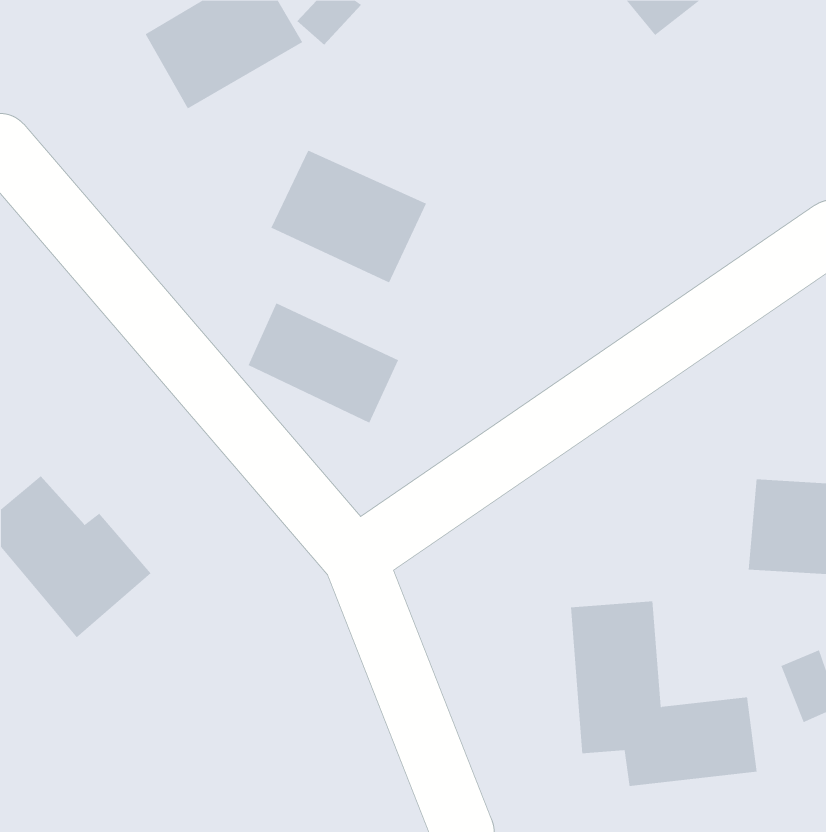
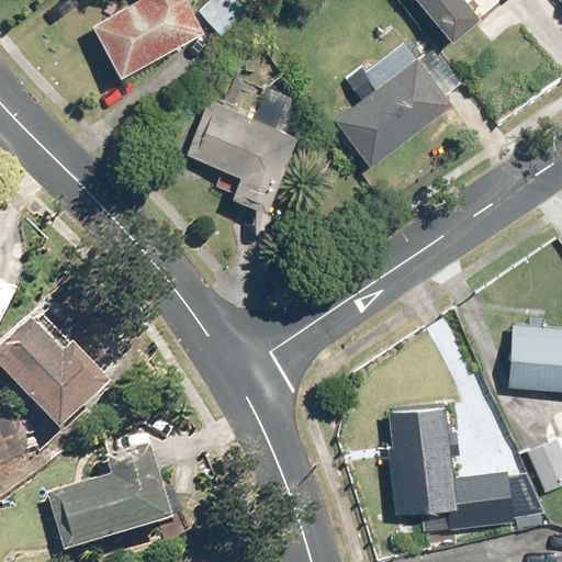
building: none -> [336,59,448,166]
building: [248,303,399,424] -> none
building: none -> [45,450,167,553]

